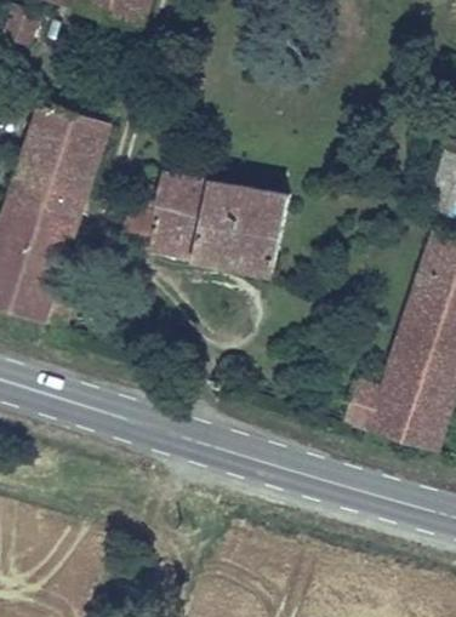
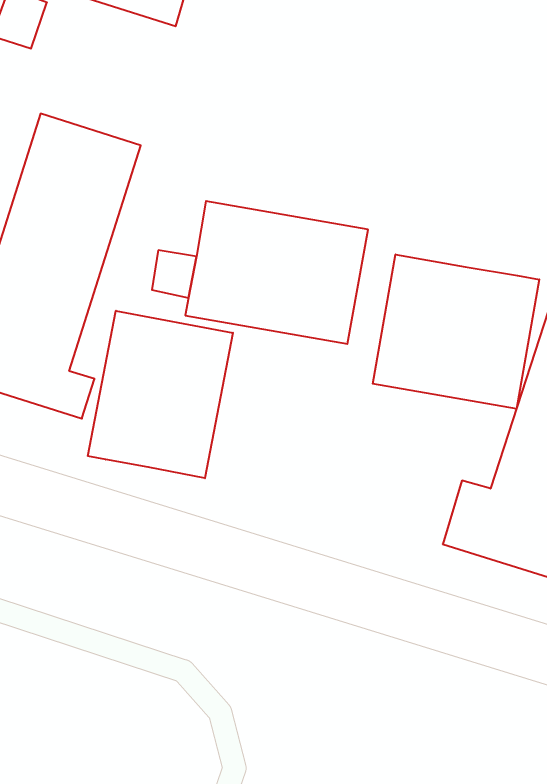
building: none -> [373,254,539,409]
building: none -> [88,311,233,478]

